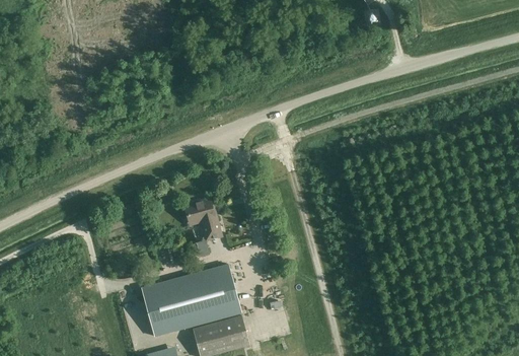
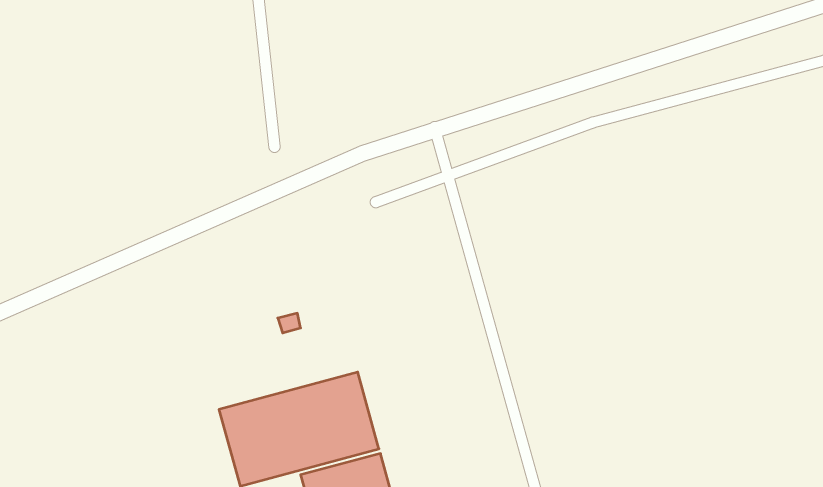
building: [184,198,220,240] -> none

